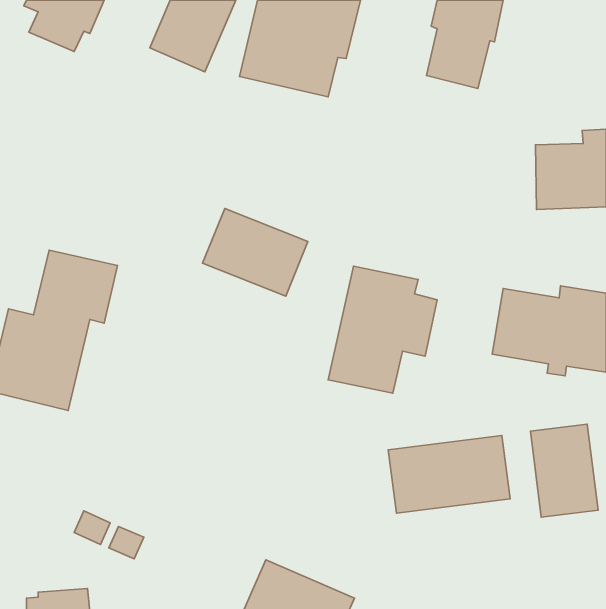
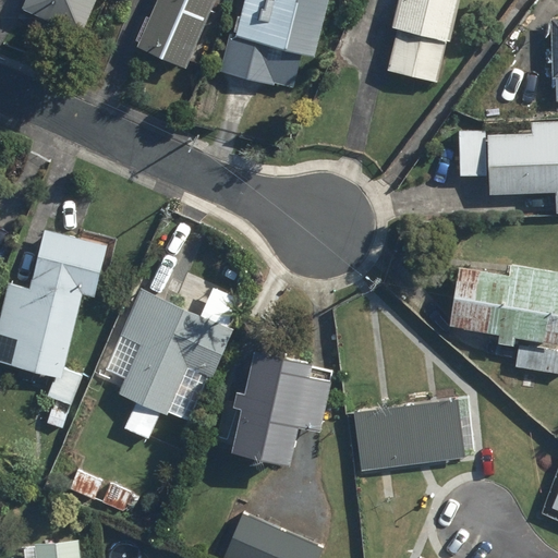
building: [203,208,308,296] -> none
building: [328,266,437,393] -> [233,347,332,462]
building: none -> [104,289,233,413]
building: [530,424,598,517] -> none

